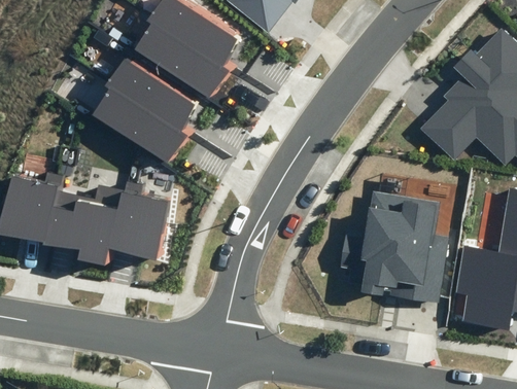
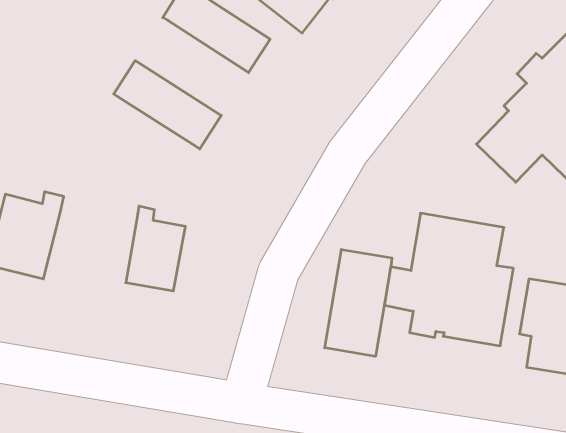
building: [135,22,229,98] -> none
building: [92,87,185,164] -> none
building: [45,181,127,266] -> none
building: none -> [325,249,392,356]

